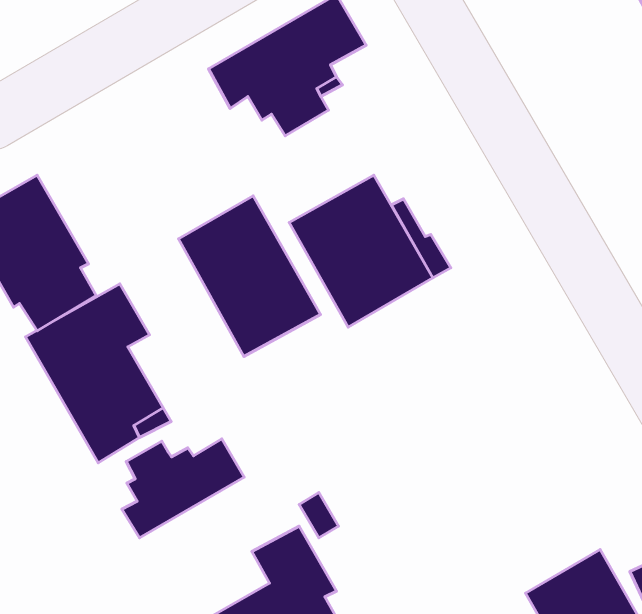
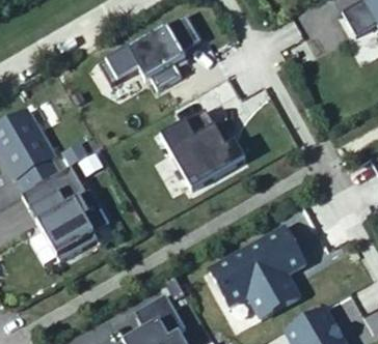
building: [178,196,320,356] -> none
building: none -> [209,226,304,317]
building: [122,439,244,538] -> none

